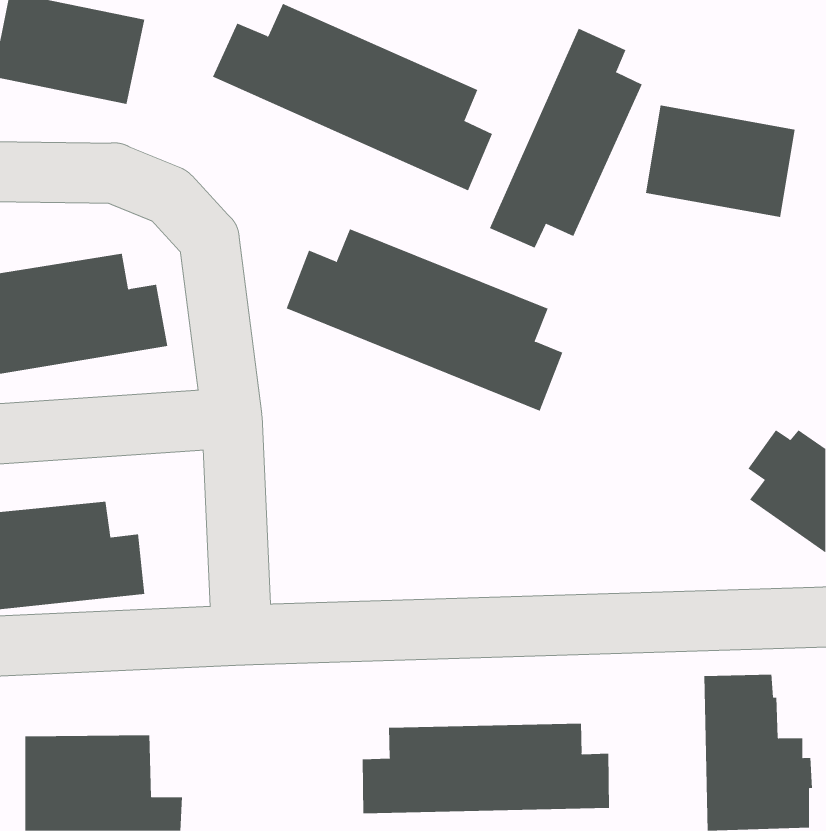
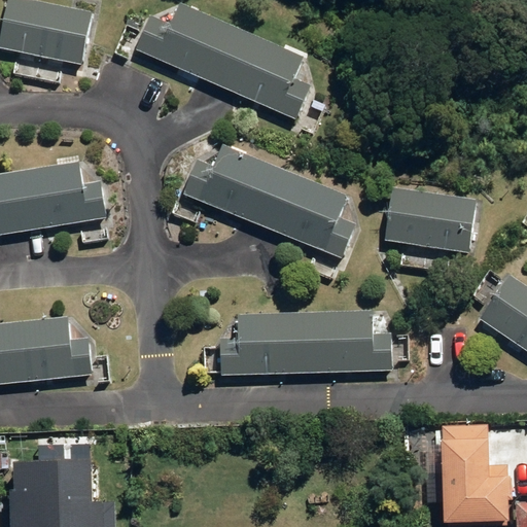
building: [489,28,642,248] -> none
building: [645,105,795,218] -> [382,184,477,255]
building: none -> [217,310,392,375]
building: [362,723,610,814] -> none

